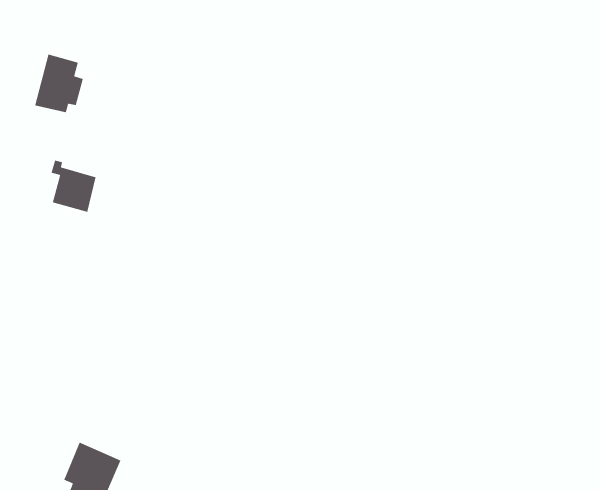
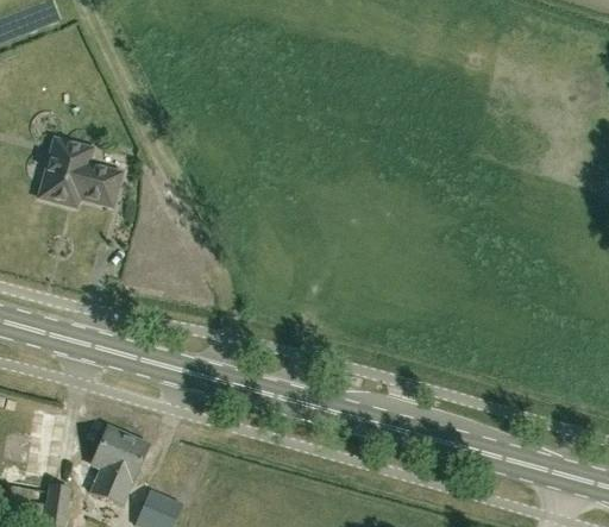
building: [34,53,84,113] -> [40,148,88,205]

